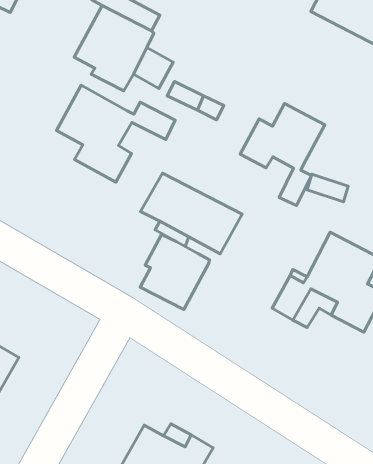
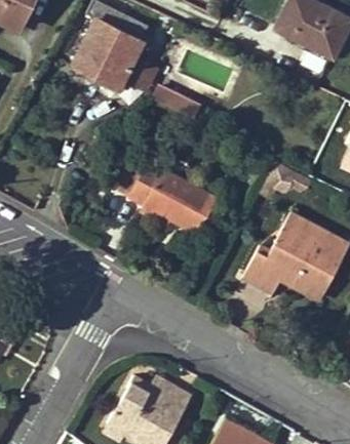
building: [57,85,175,182] -> none
building: [240,103,325,205] -> none
building: [140,235,210,310] -> none

